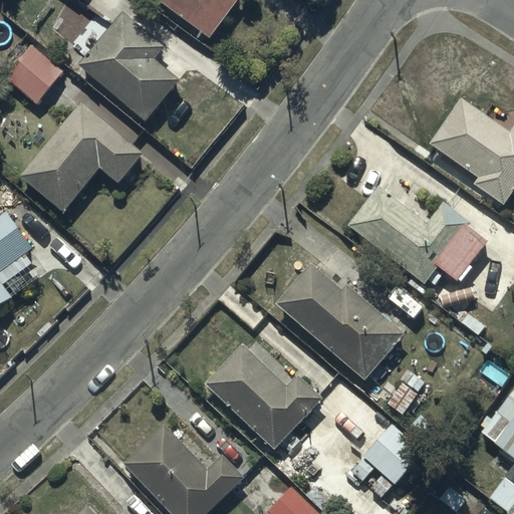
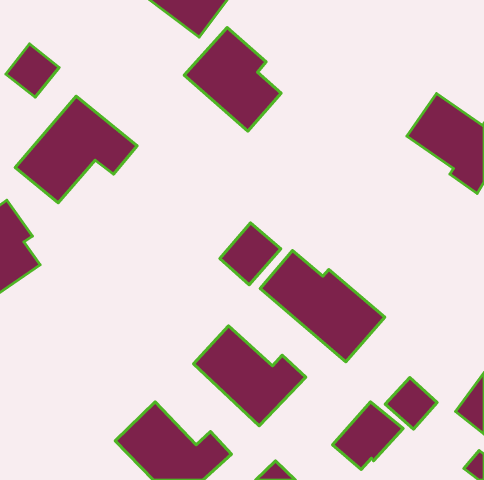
building: [77,12,180,121] -> [184,27,281,131]
building: [347,185,487,284] -> none
building: none -> [220,223,281,285]
building: none -> [385,377,437,429]

